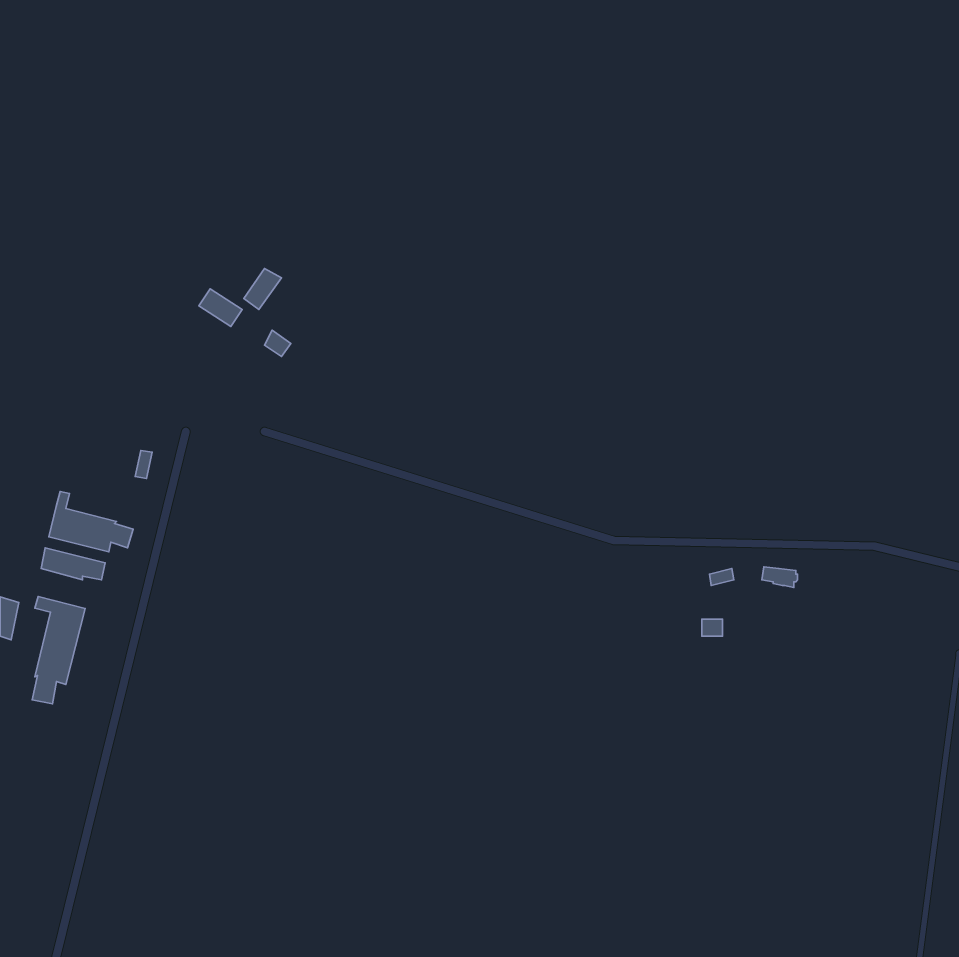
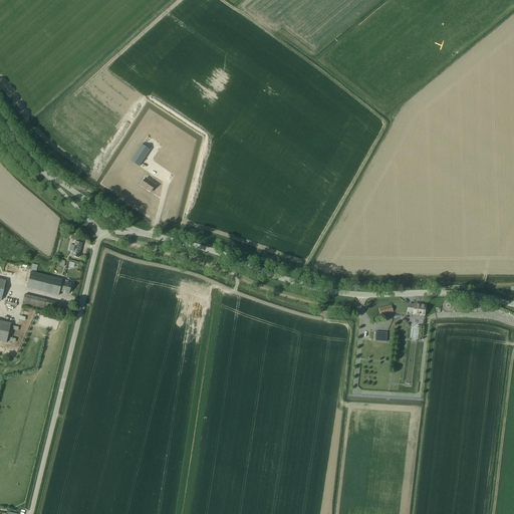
building: [32,597,85,704] -> none

